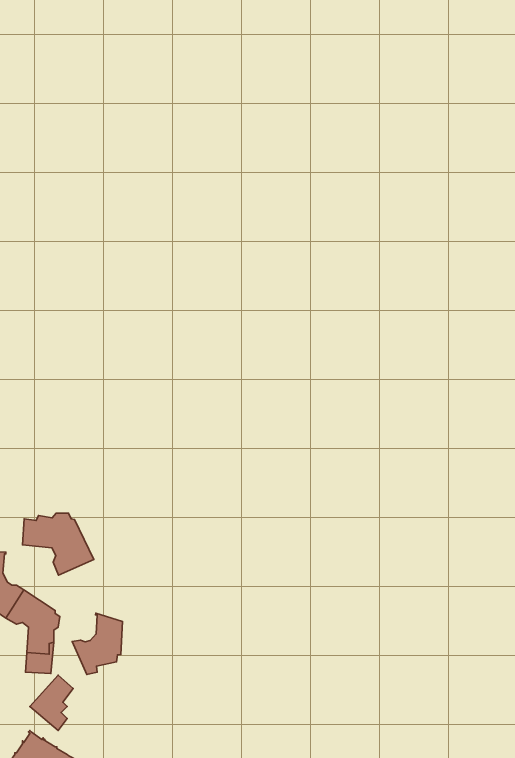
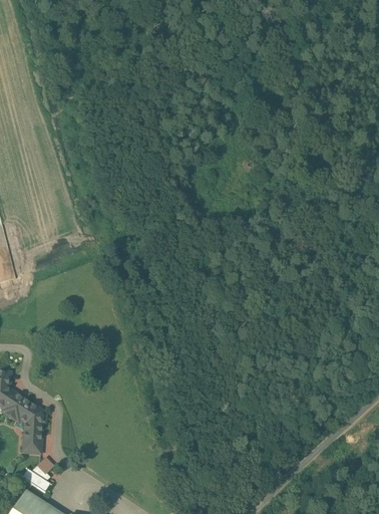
building: [22,513,94,575] -> none
building: [72,613,122,675] -> none

